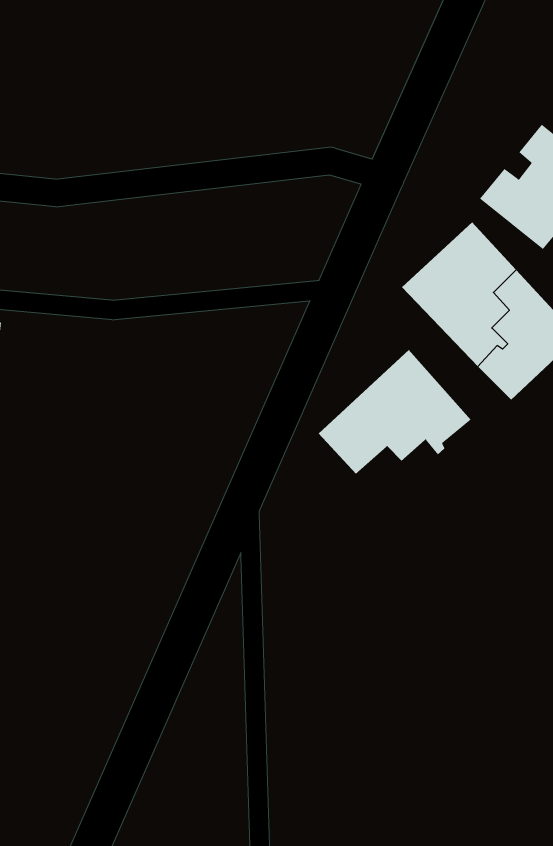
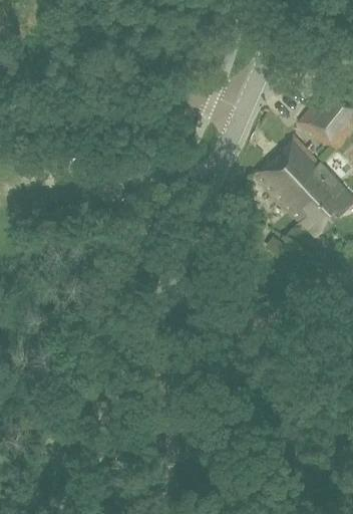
building: [318,349,471,474] -> none

